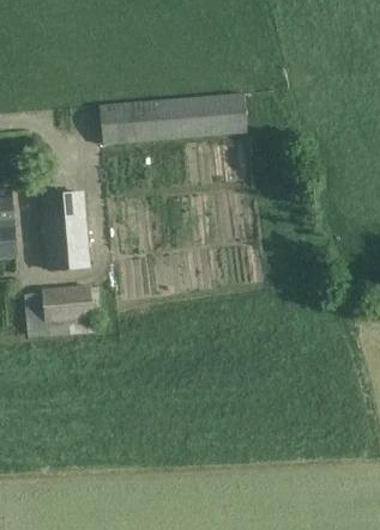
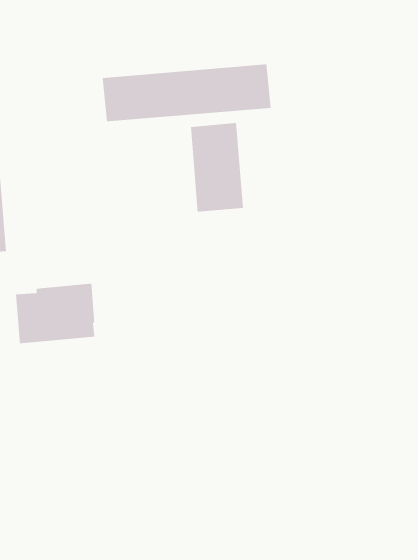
building: [42,191,89,269] -> [190,123,244,212]

